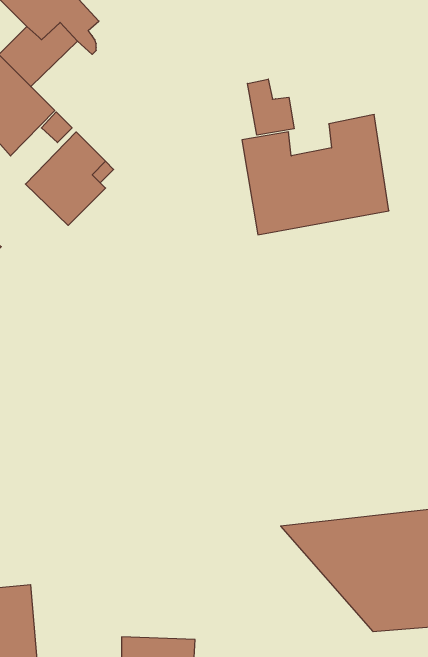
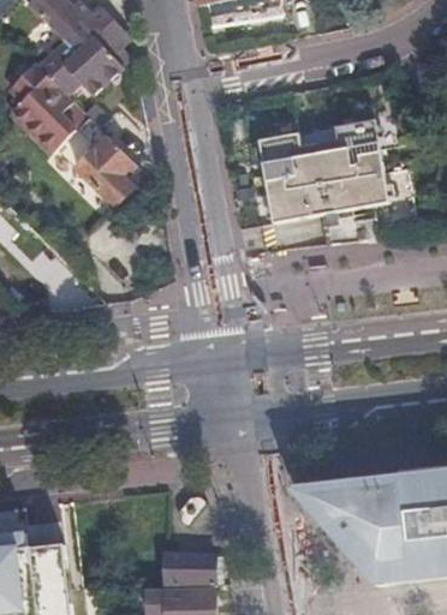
building: [247,79,294,135] -> none
building: none -> [163,548,215,583]

